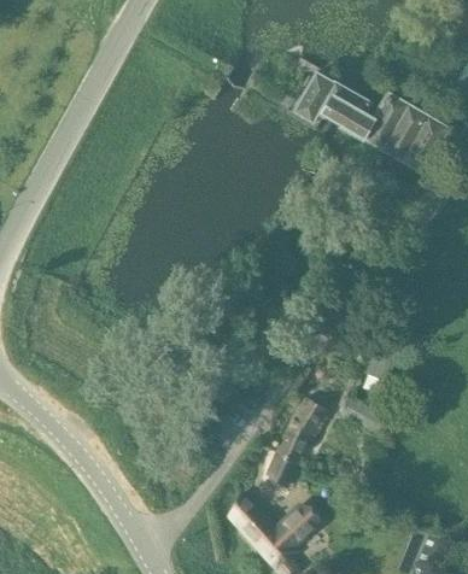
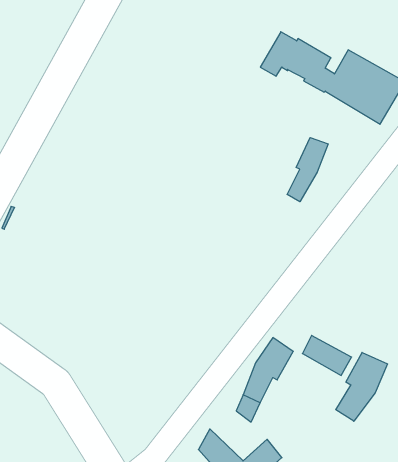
building: none -> [287,138,328,202]
building: none -> [336,352,388,421]

